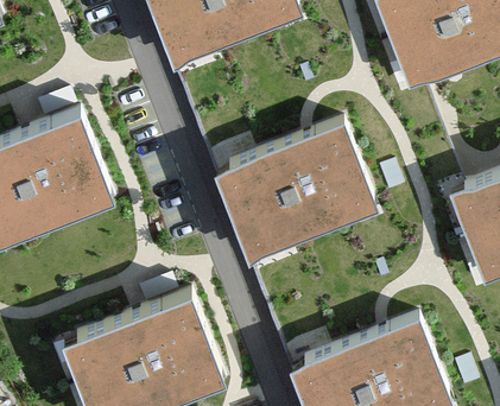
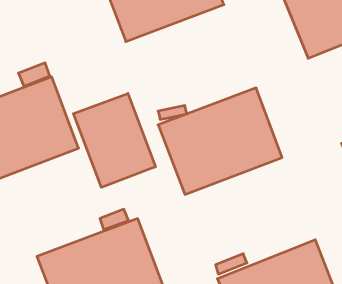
building: none -> [73,93,155,187]

